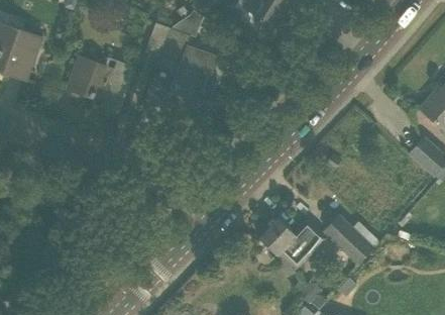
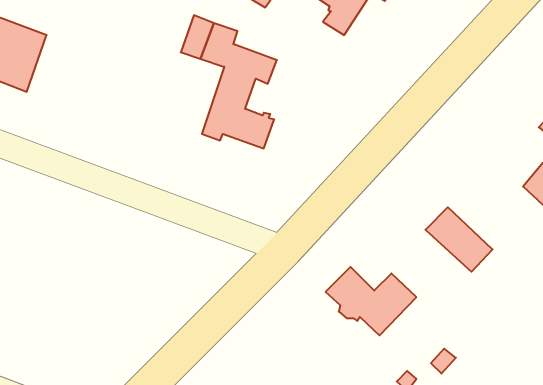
building: [67,56,134,113] -> none
building: [322,213,373,262] -> [425,207,493,272]

